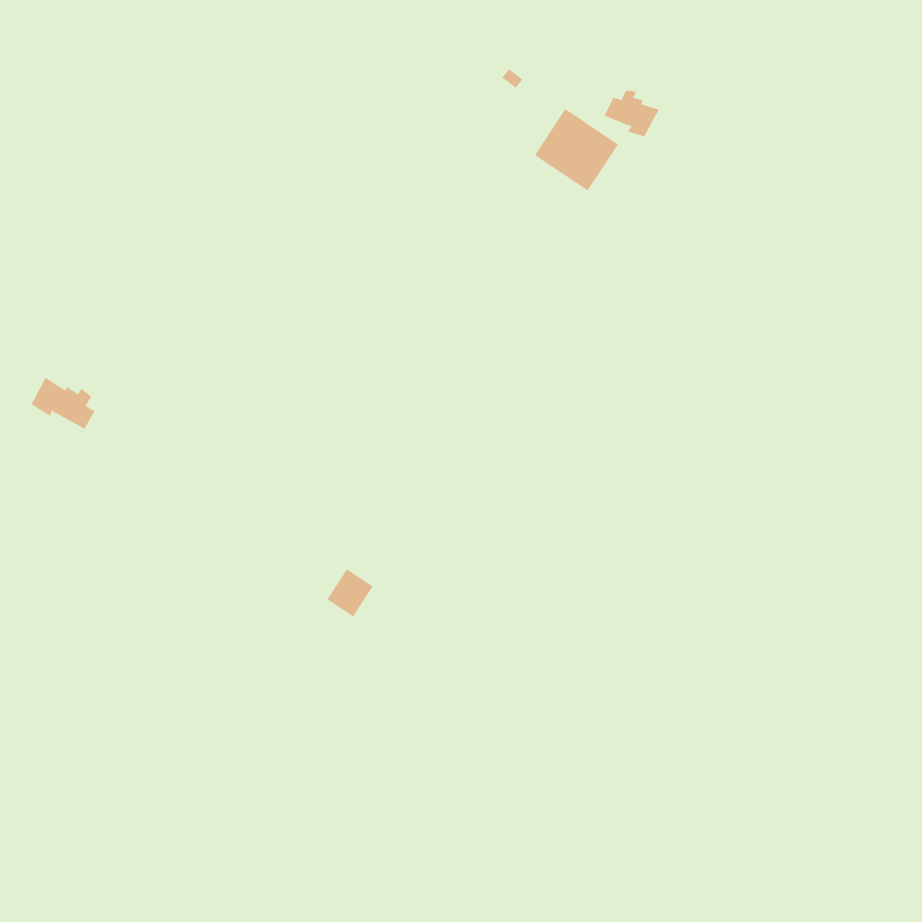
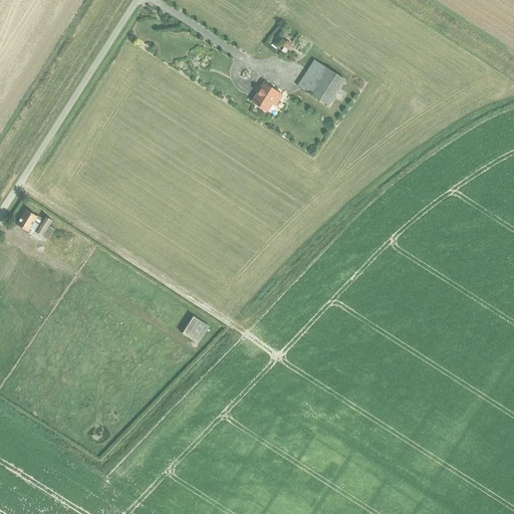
building: [604,90,659,137] -> none
building: none -> [251,77,283,107]

